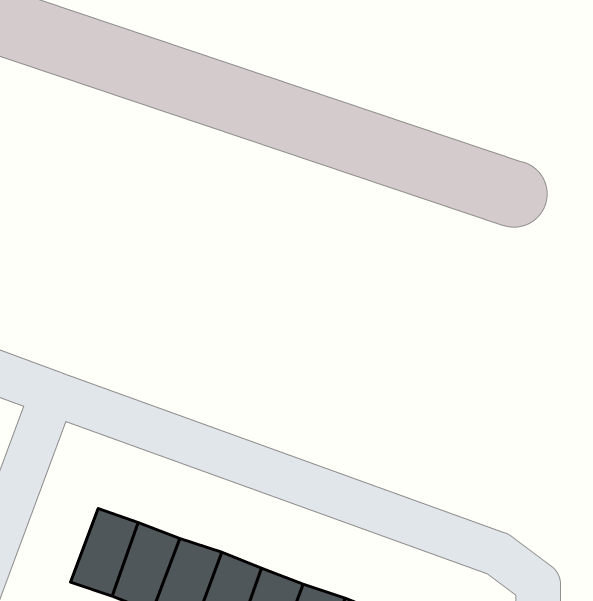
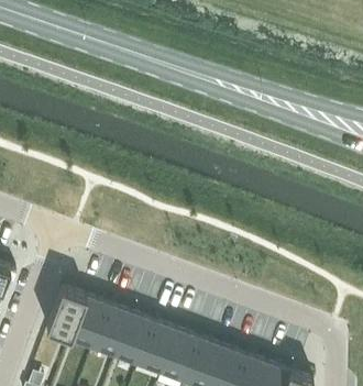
building: none -> [46,288,86,338]

